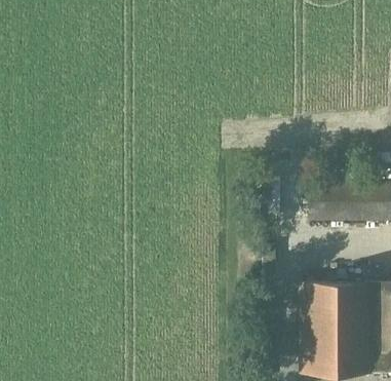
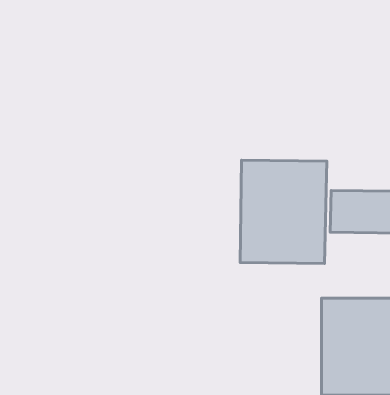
building: none -> [240,160,327,264]

